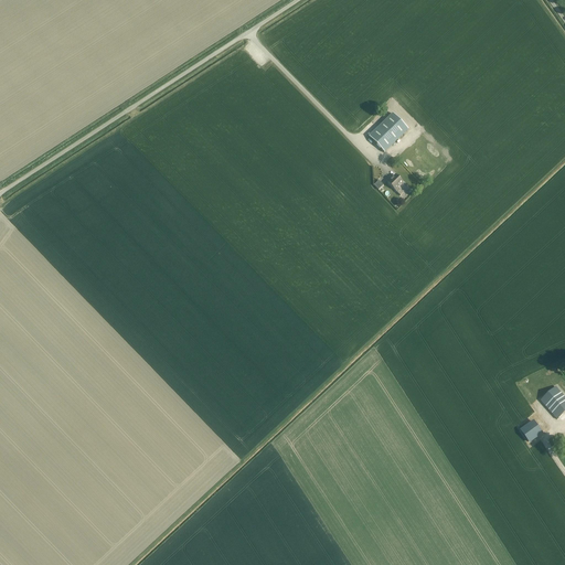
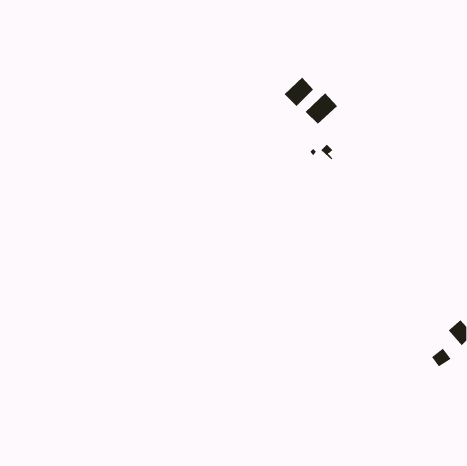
building: none -> [284,77,314,107]

